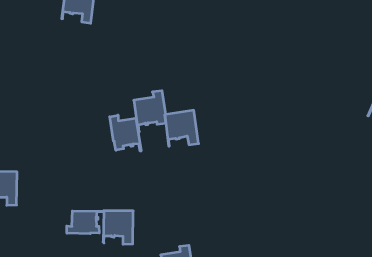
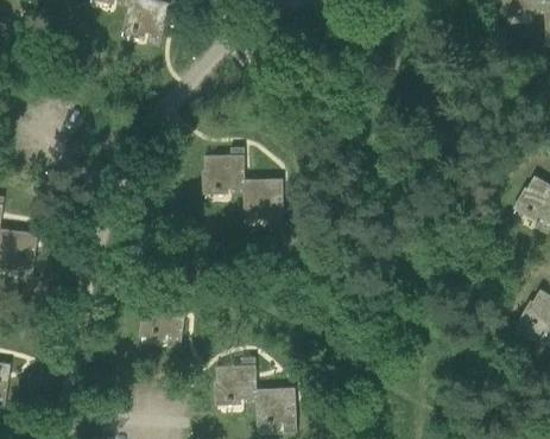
building: [110,115,141,151] -> none
building: [67,211,104,234] -> none

